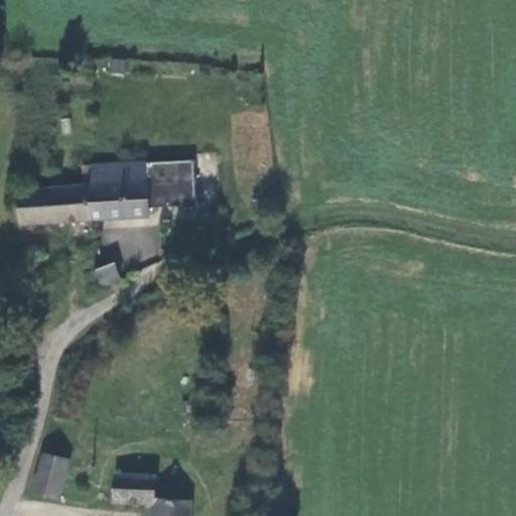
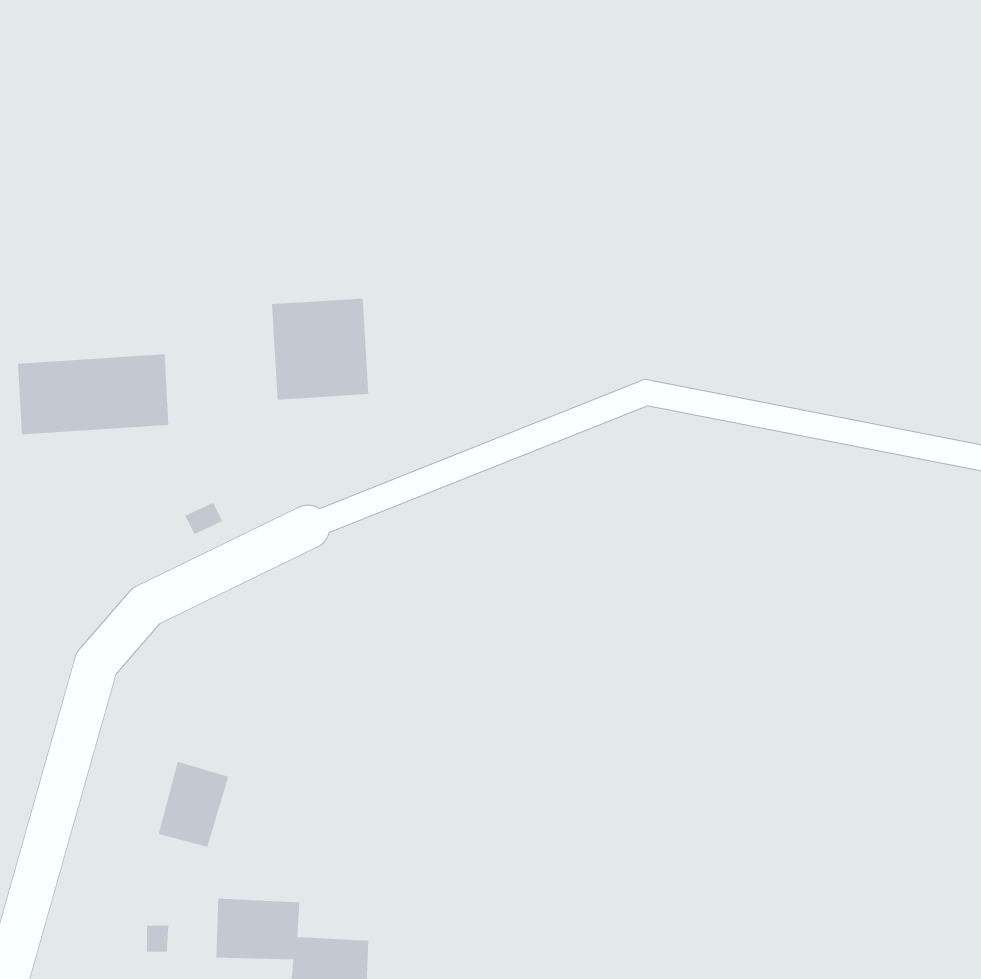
building: [86,161,145,225] -> none
building: [33,450,71,496] -> [158,761,229,848]

